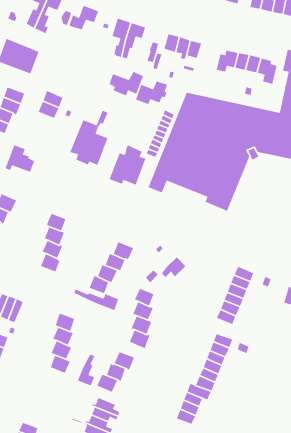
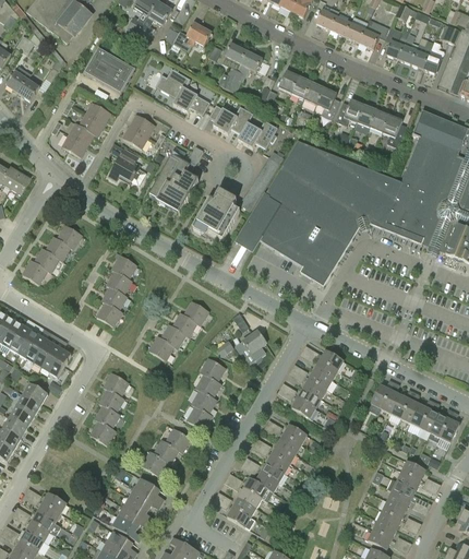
building: none -> [315,86,339,119]
building: none -> [155,68,208,114]
building: [4,144,35,173] -> [108,148,145,185]
building: [73,288,119,311] -> none
building: [77,353,95,386] -> none

